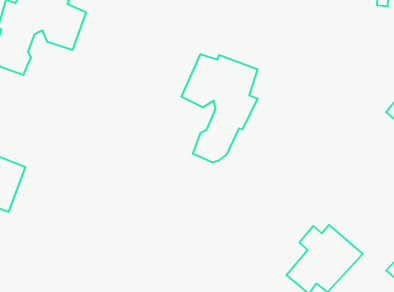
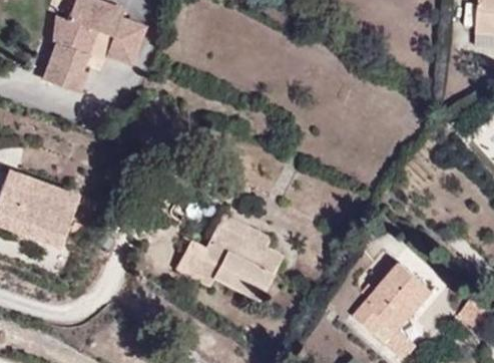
building: [181,54,257,162] -> none
building: none -> [169,209,278,295]

